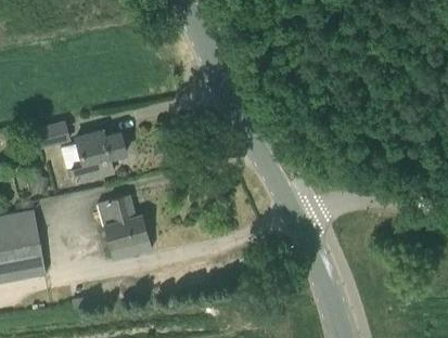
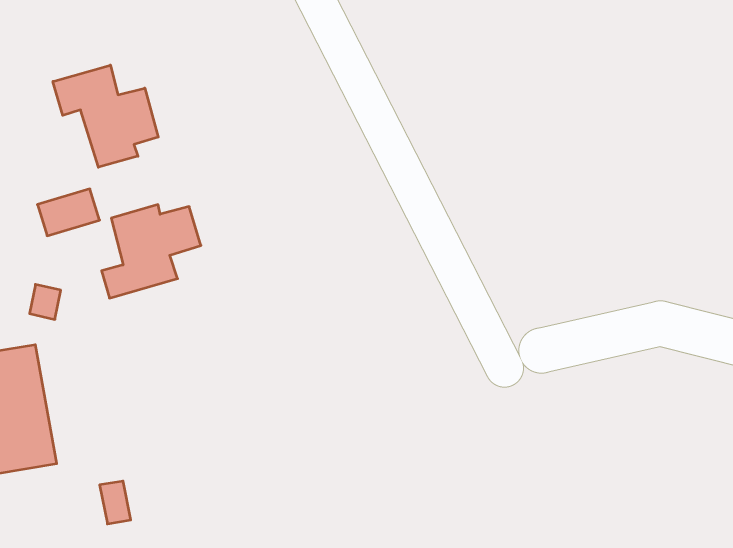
building: none -> [53,65,158,167]
building: [97,195,151,260] -> none

